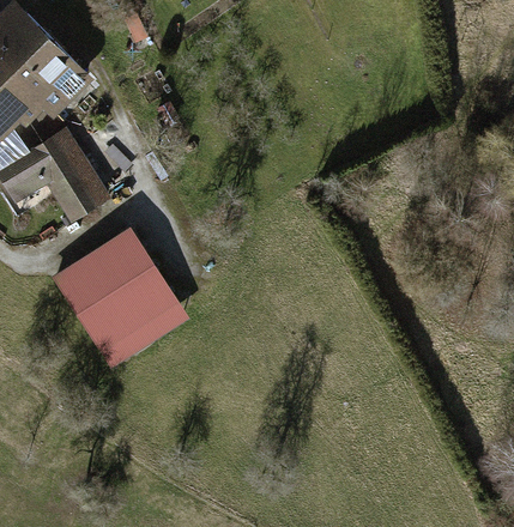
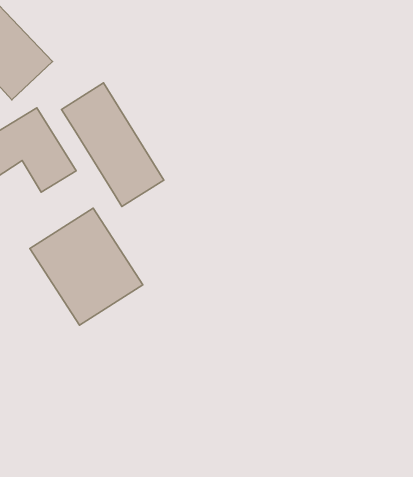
building: none -> [61,83,164,207]

